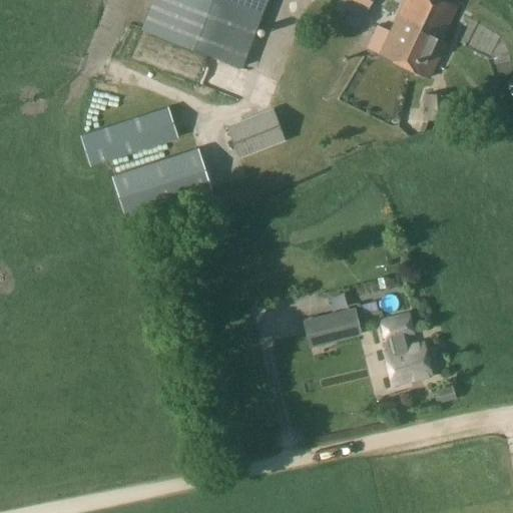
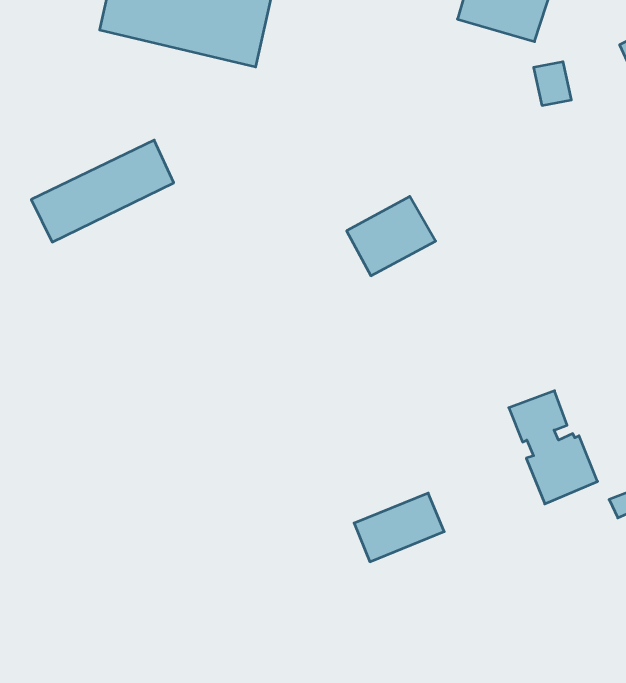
building: [227,108,286,157] -> [347,196,436,276]
building: [112,145,209,213] -> none
building: [303,307,362,347] -> [354,493,444,562]

